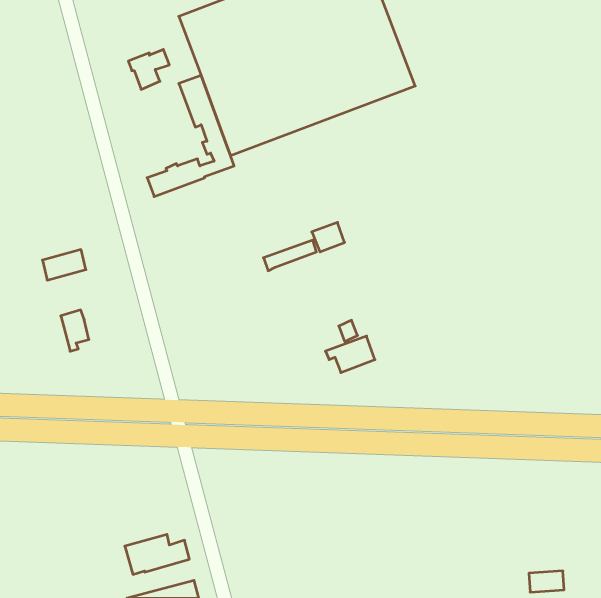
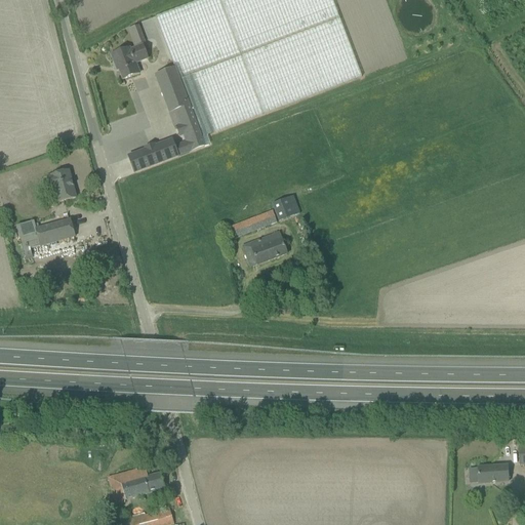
building: none -> [47,168,76,201]
building: [61,310,89,351] -> [16,218,41,254]
building: [325,336,375,373] -> [243,231,286,262]
building: [529,571,564,592] -> [478,463,509,482]

